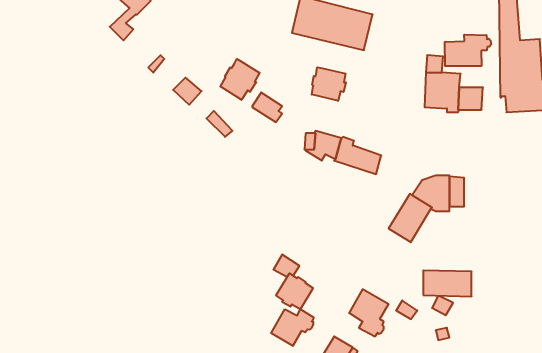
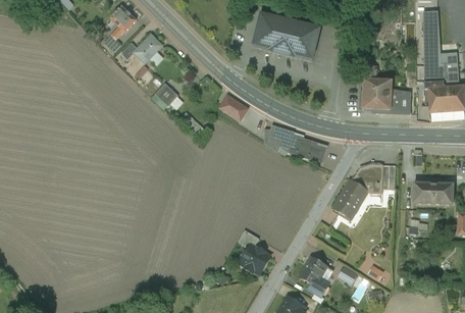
building: none -> [120,34,161,62]
building: [445,35,491,66] -> none
building: [220,59,260,100] -> none
building: [312,67,346,101] -> none
building: [423,270,472,296] -> [412,181,452,203]
building: [271,309,314,346] -> none

